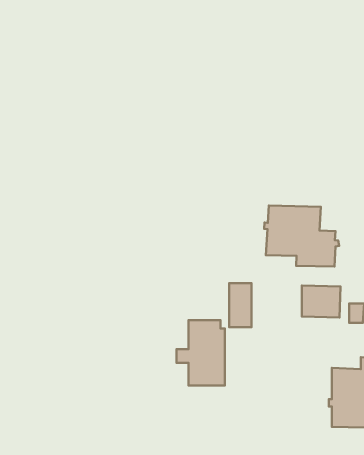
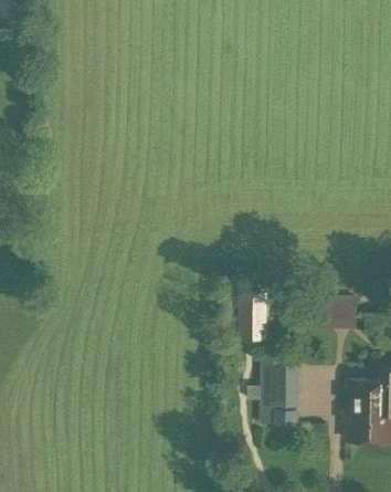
building: [264,205,339,267] -> none
building: [177,320,225,385] -> [250,356,299,423]

